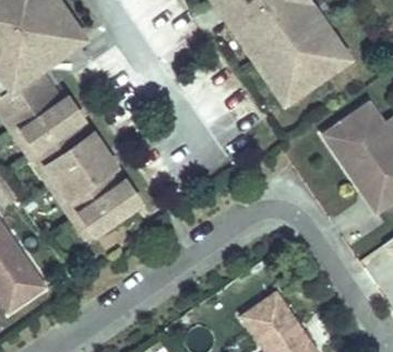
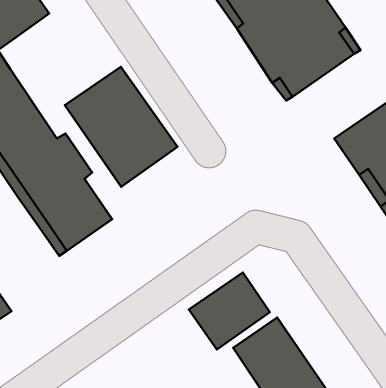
building: none -> [65,67,177,187]
building: none -> [189,272,270,349]

